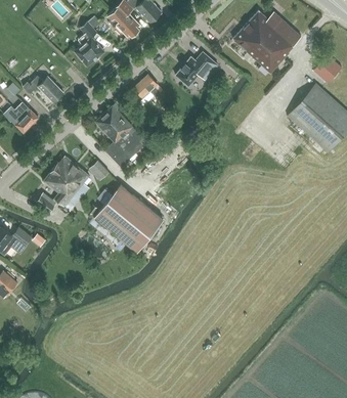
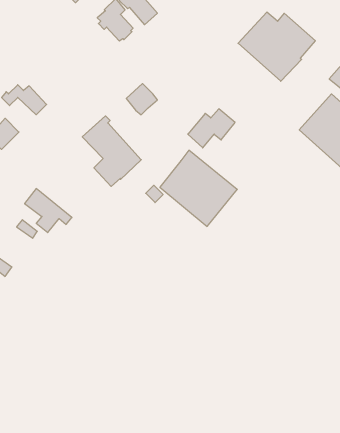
building: [74,23,104,67] -> none
building: [175,52,217,87] -> [188,109,235,148]
building: [53,157,89,193] -> none
building: [94,184,163,252] -> [160,150,237,226]

